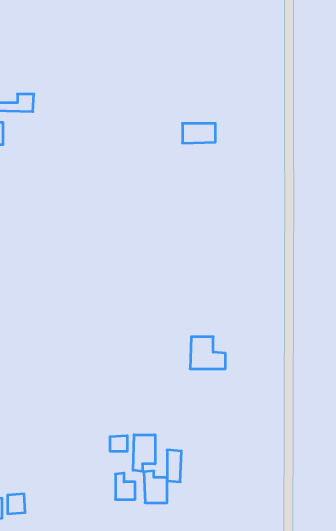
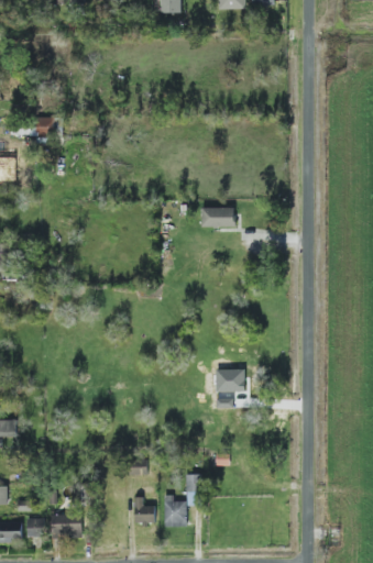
building: [182,123,215,143] -> [201,208,234,228]
building: [133,435,155,471] -> none
building: none -> [52,515,81,536]

